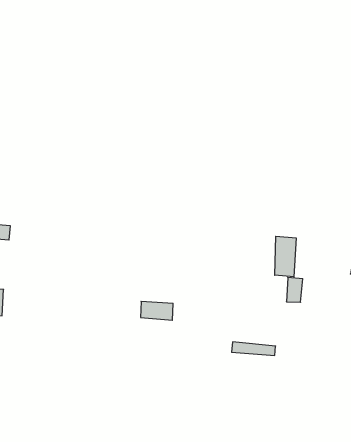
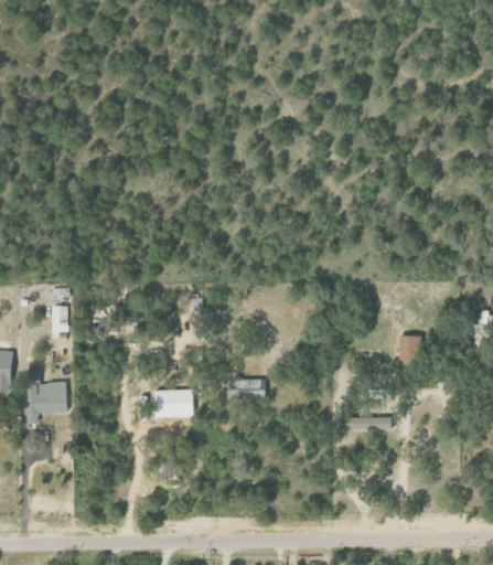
building: [275,236,296,277] -> none
building: none -> [154,390,194,418]

